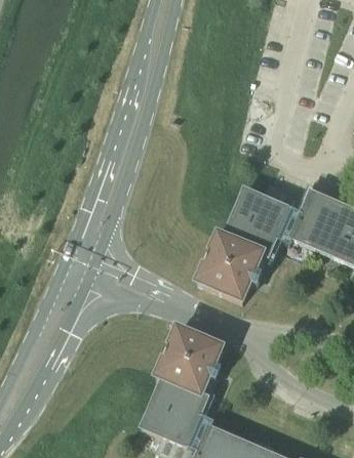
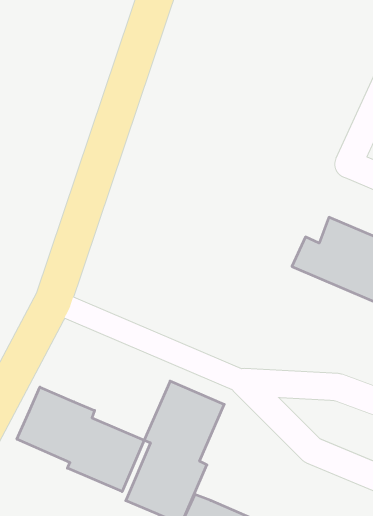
building: [196,181,290,300] -> none
building: none -> [17,387,144,492]

